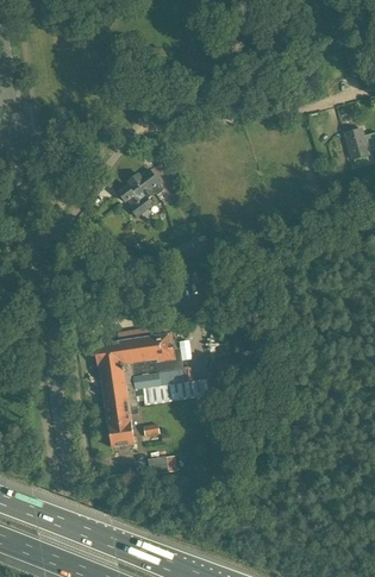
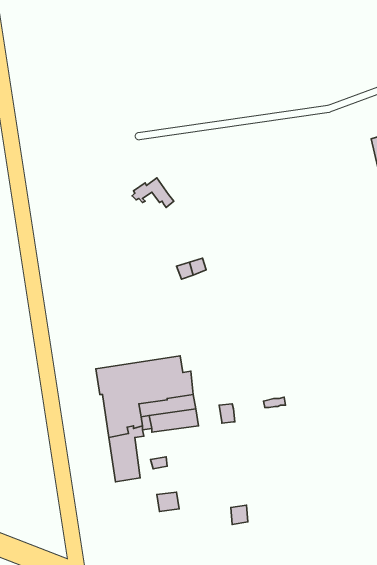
building: [119,182,156,217] -> none

